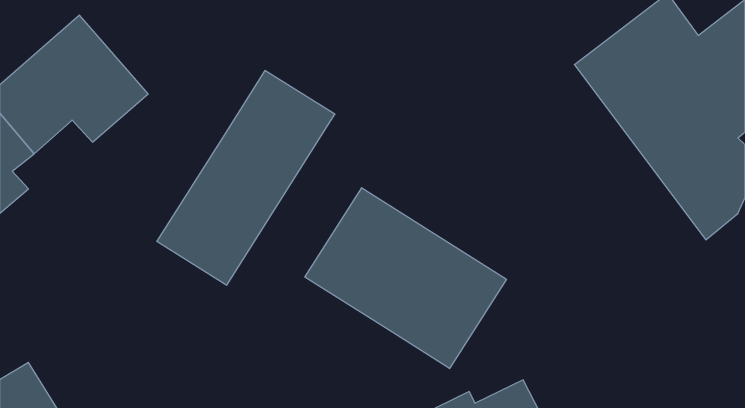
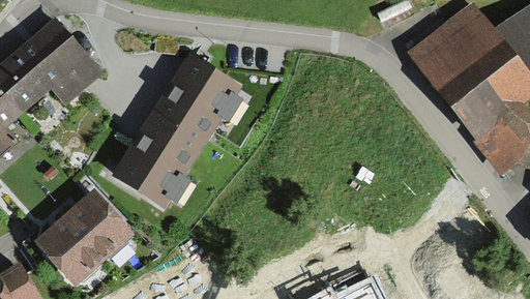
building: [305,188,506,369] -> none
building: none -> [35,190,134,287]

